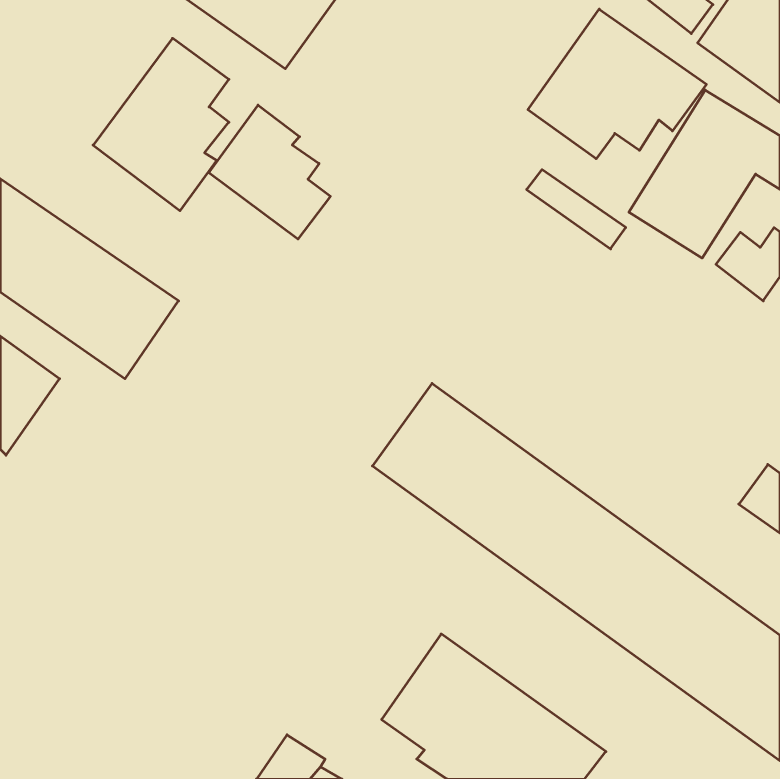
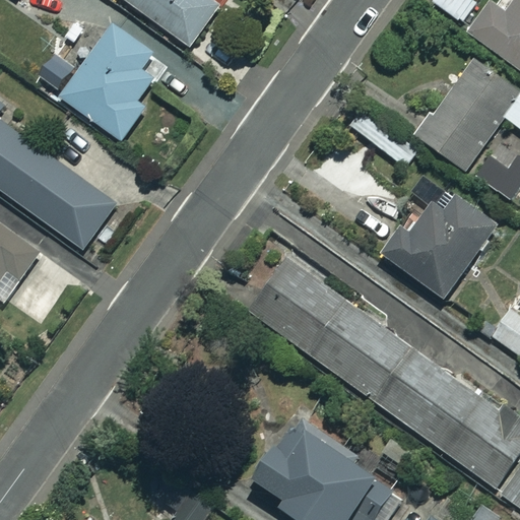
building: [528,9,706,159] -> none
building: [209,105,330,239] -> none
building: none -> [384,172,496,298]

